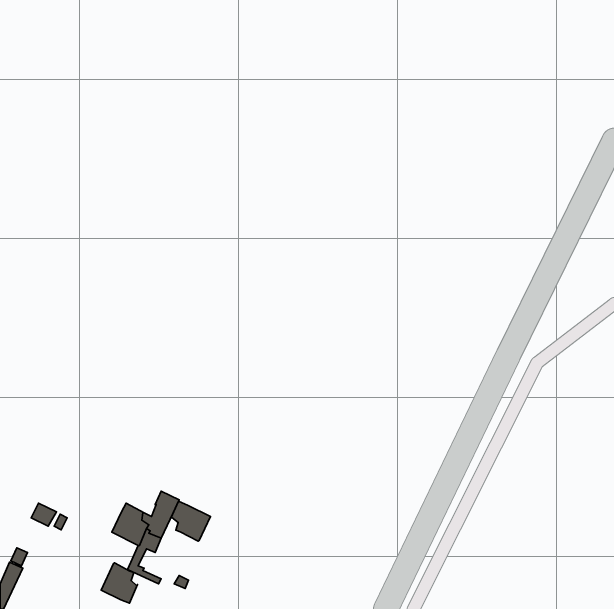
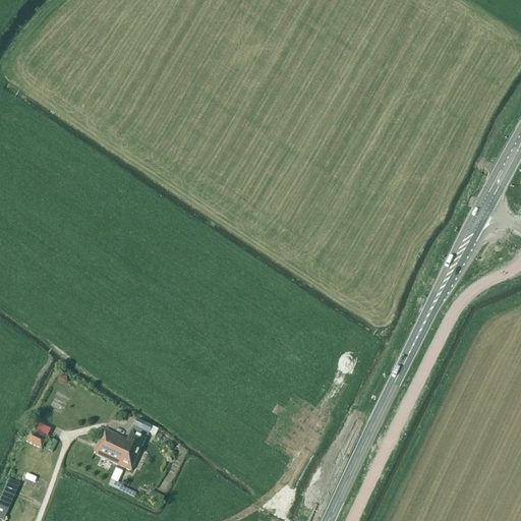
building: [171,501,211,541] -> none
building: [101,563,137,603] -> none

